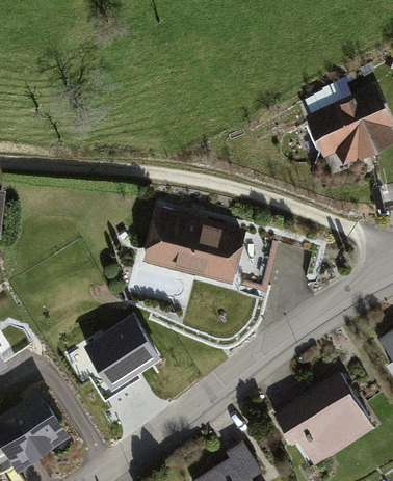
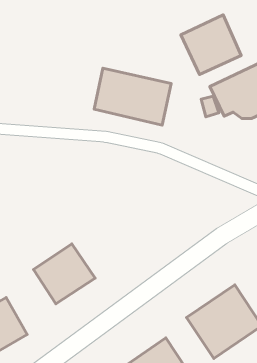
building: none -> [181,15,241,74]
building: [143,210,243,284] -> [94,68,171,125]

